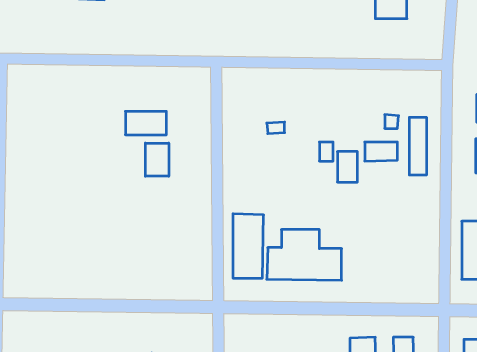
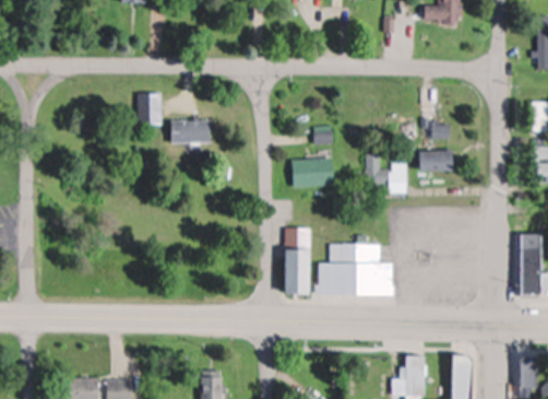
building: none -> [140,93,164,125]
building: [409,117,426,175] -> none
building: [145,143,169,176] -> none
building: none -> [293,157,337,187]

